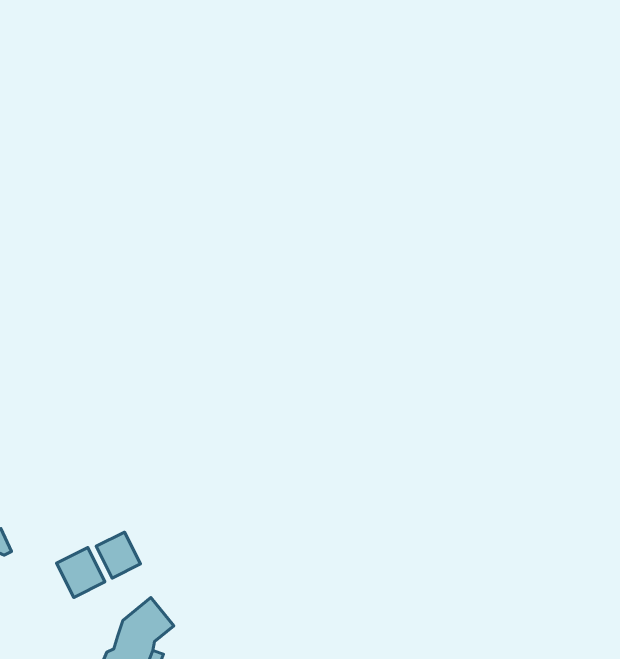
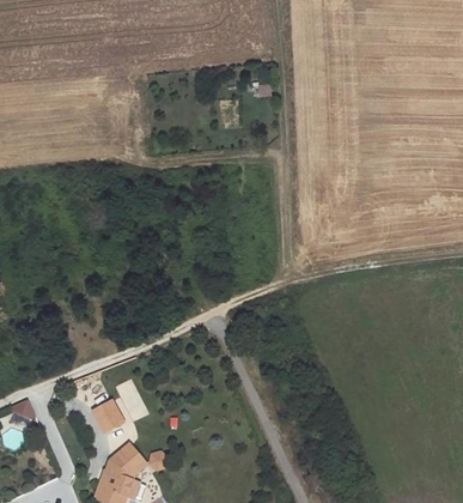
building: [57,548,105,597] -> none

